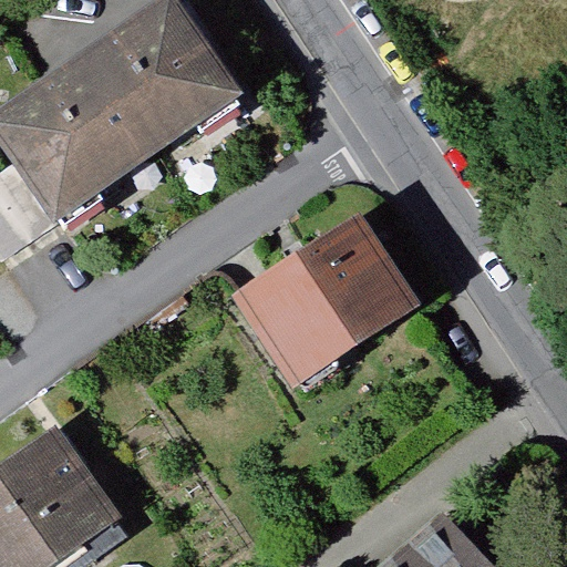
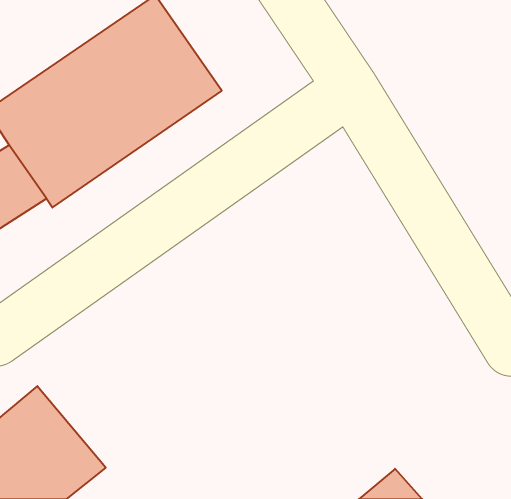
building: [228,216,422,394] -> none

